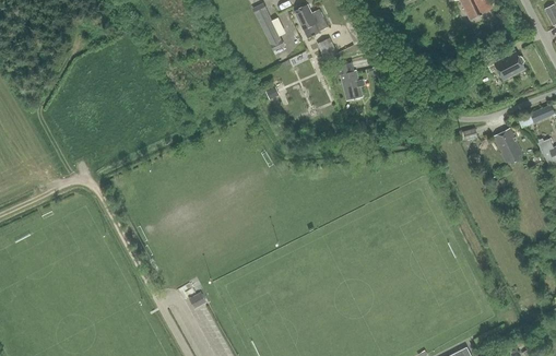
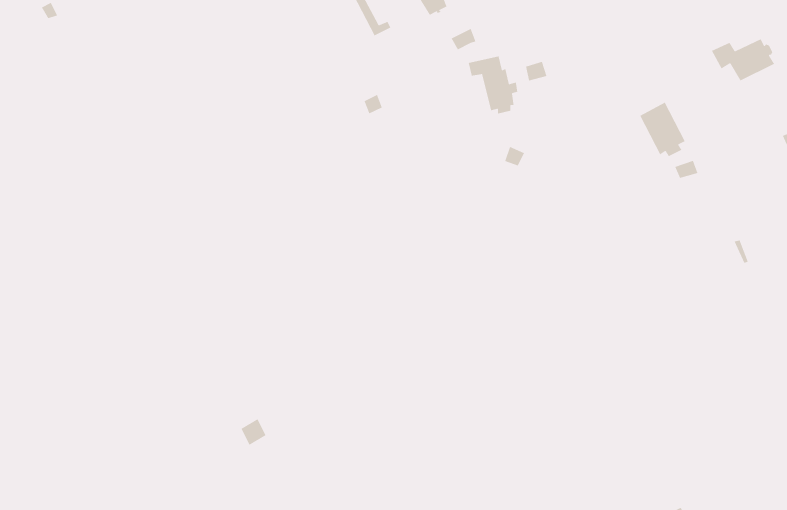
building: [493,128,522,163] -> [639,102,686,157]

